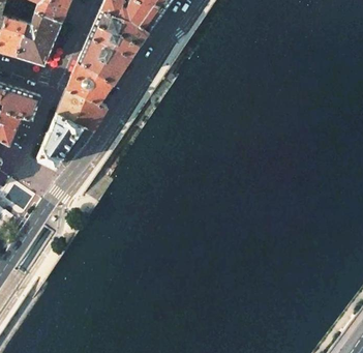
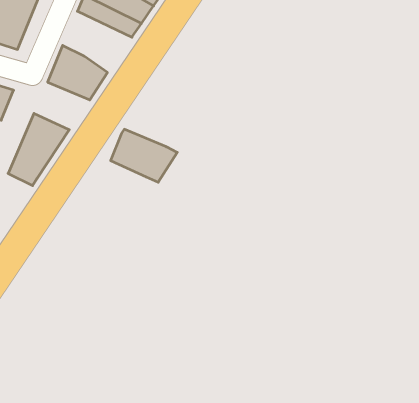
building: [78,37,130,84] -> none
building: [56,91,107,131] -> [111,129,177,182]

